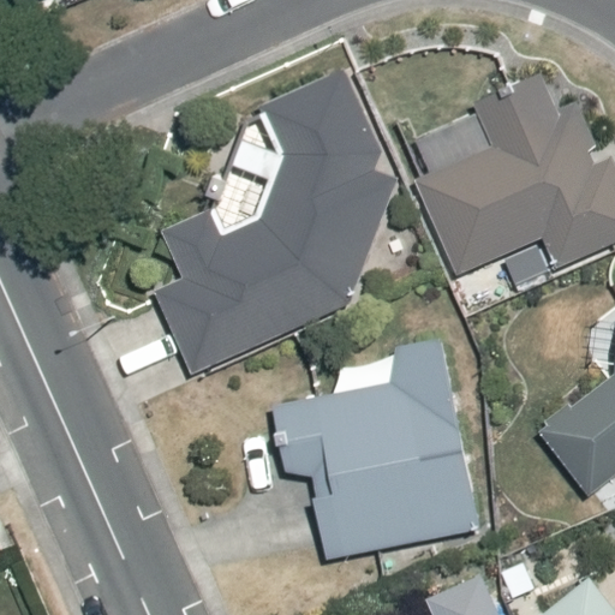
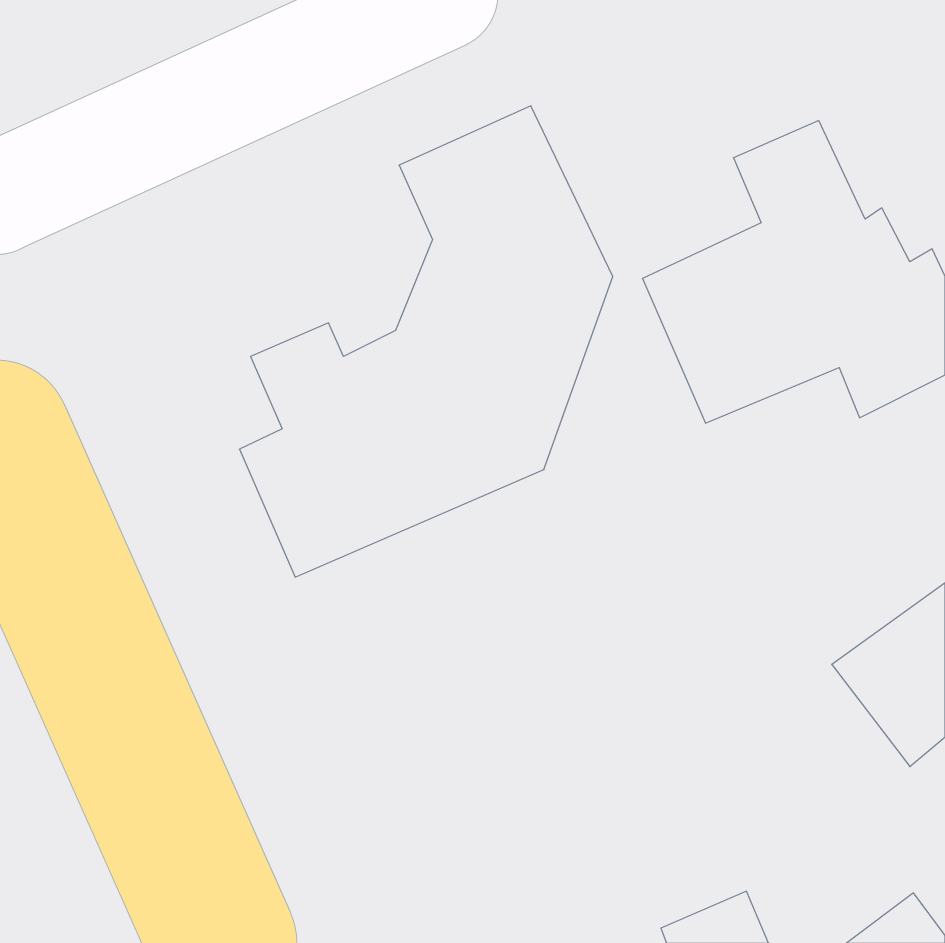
building: [271,338,480,562] -> none

